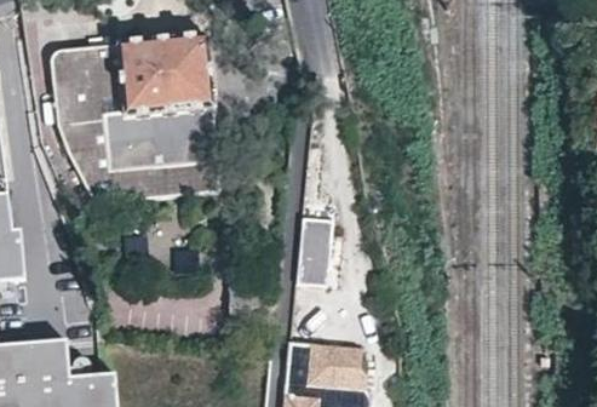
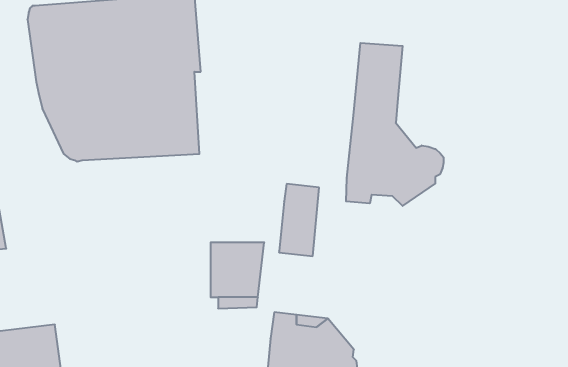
building: none -> [346,43,444,206]

